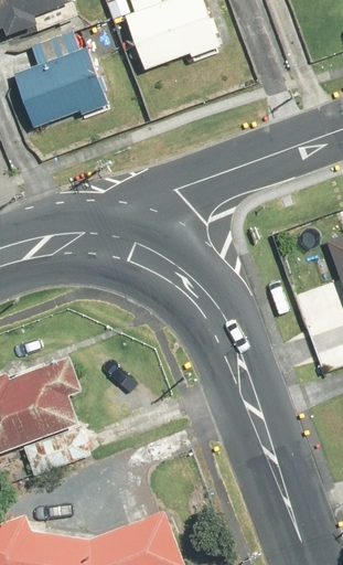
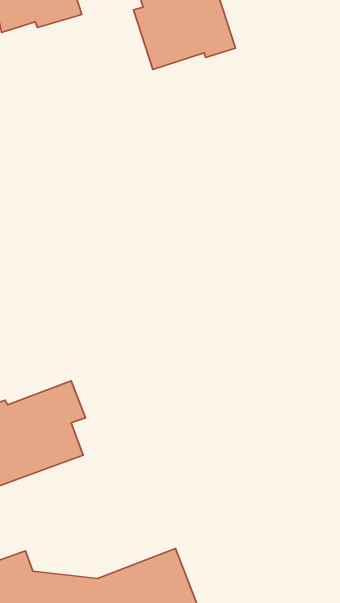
building: [12,31,109,126] -> none

